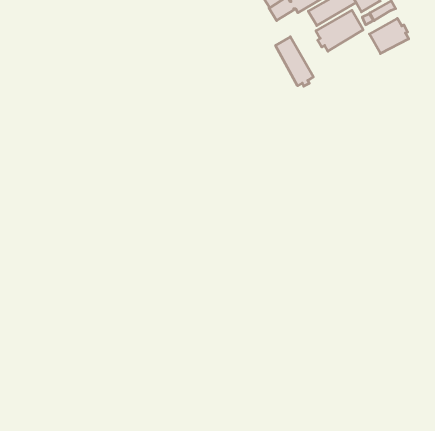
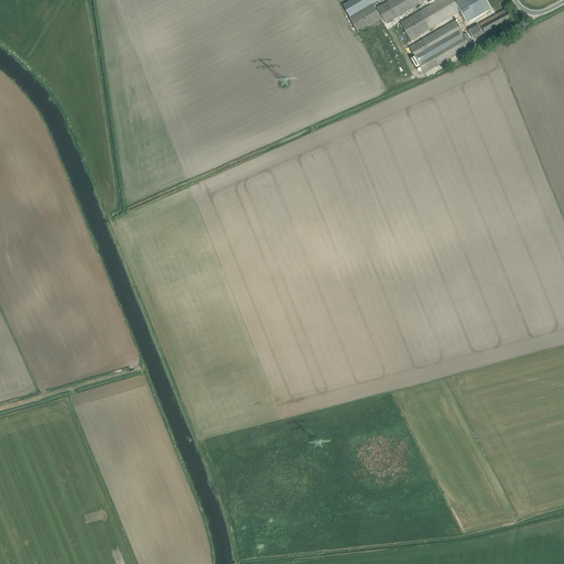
building: [369,18,409,54] -> none
building: [276,37,313,86] -> none

